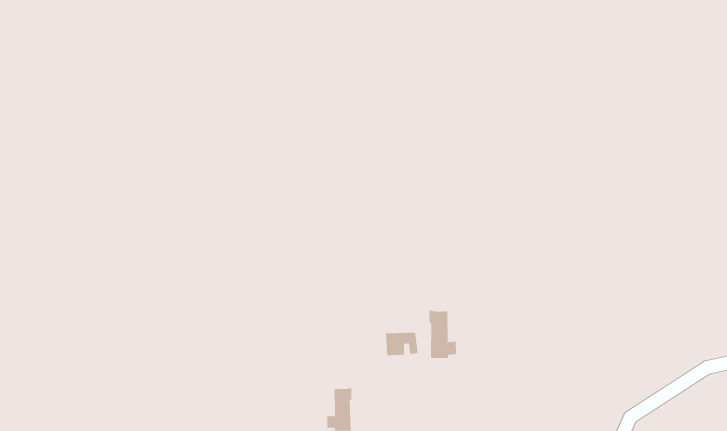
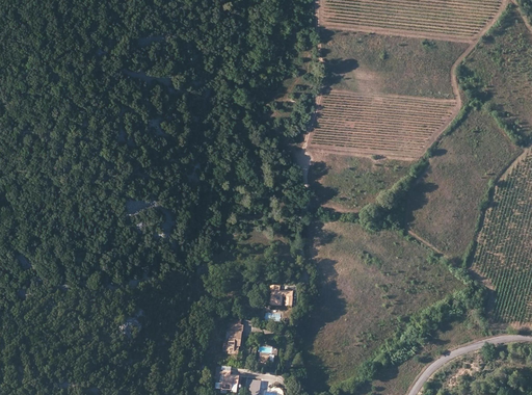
building: [429,310,456,359] -> none

